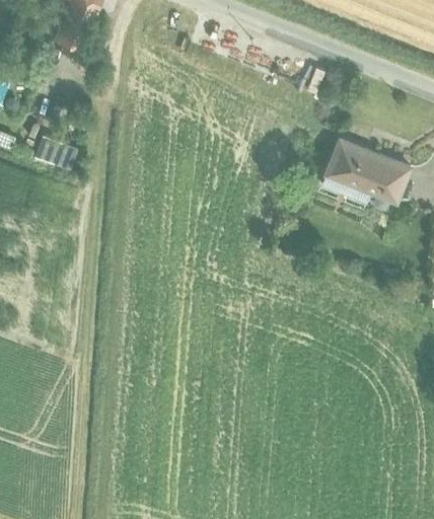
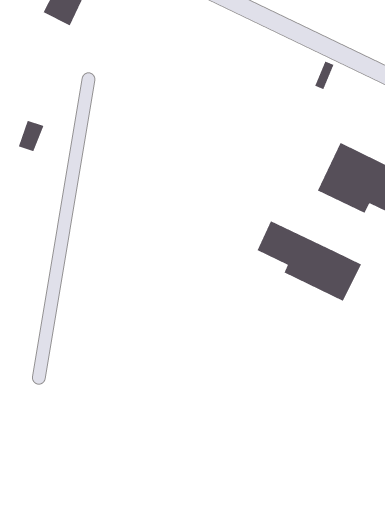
building: none -> [257,220,362,302]

